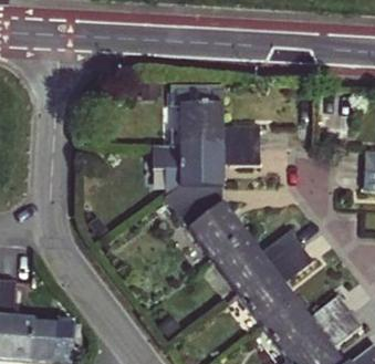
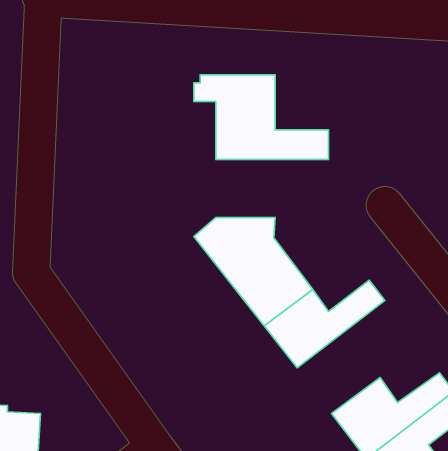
building: [153,145,261,199] -> none
building: [239,245,313,324] -> none

